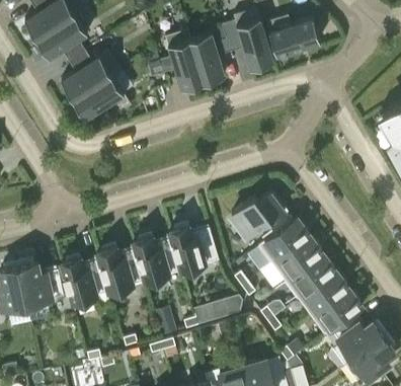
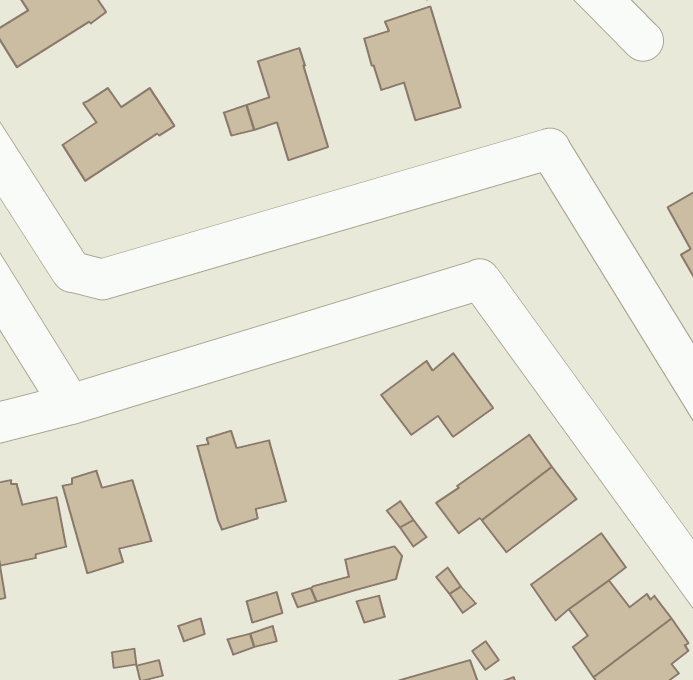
building: [36,15,87,59] -> none
building: [266,15,320,55] -> none
building: [189,31,231,82] -> none
building: [73,75,131,120] -> none
building: [247,217,310,272] -> none
building: [169,224,219,279] -> none
building: [96,245,144,293] -> none
building: [298,271,348,316] -> none

